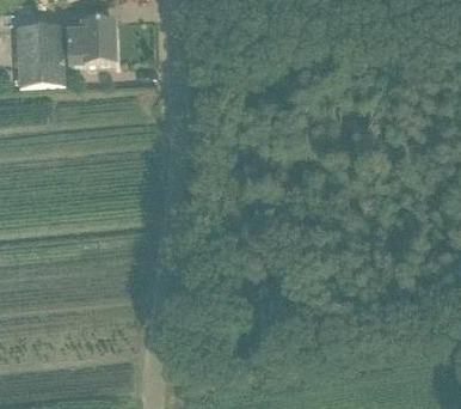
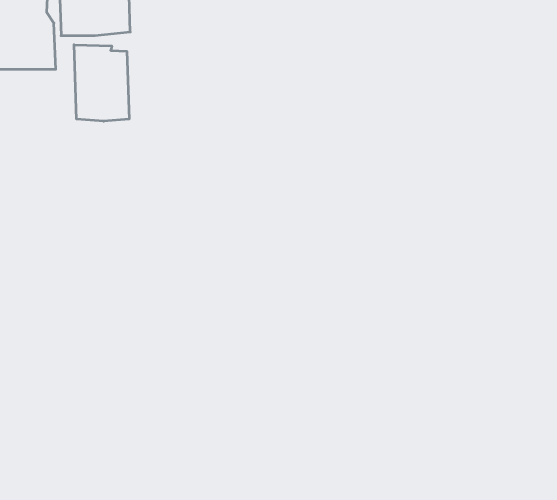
building: none -> [74,45,129,121]

